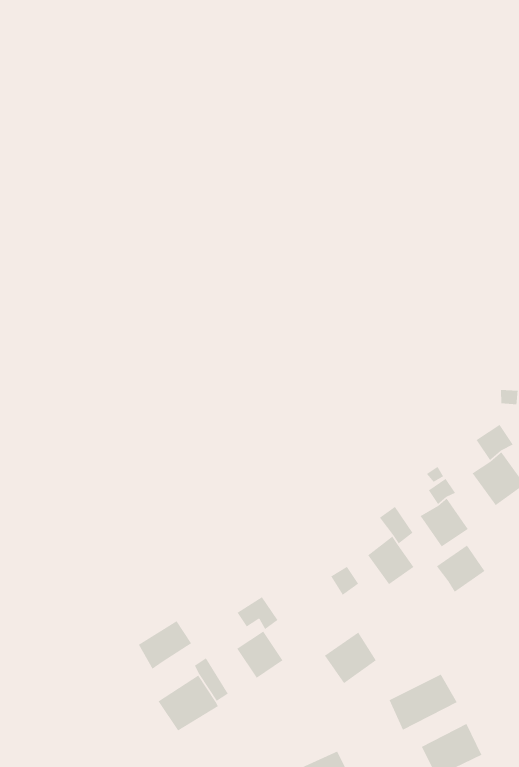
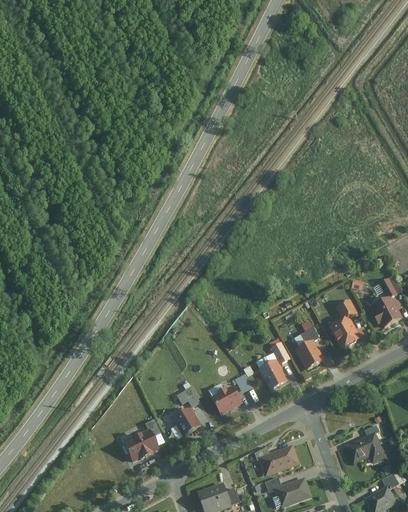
building: [436,544,486,593] -> none
building: [138,620,192,670] -> none
building: [324,632,377,684] -> [209,382,241,413]

